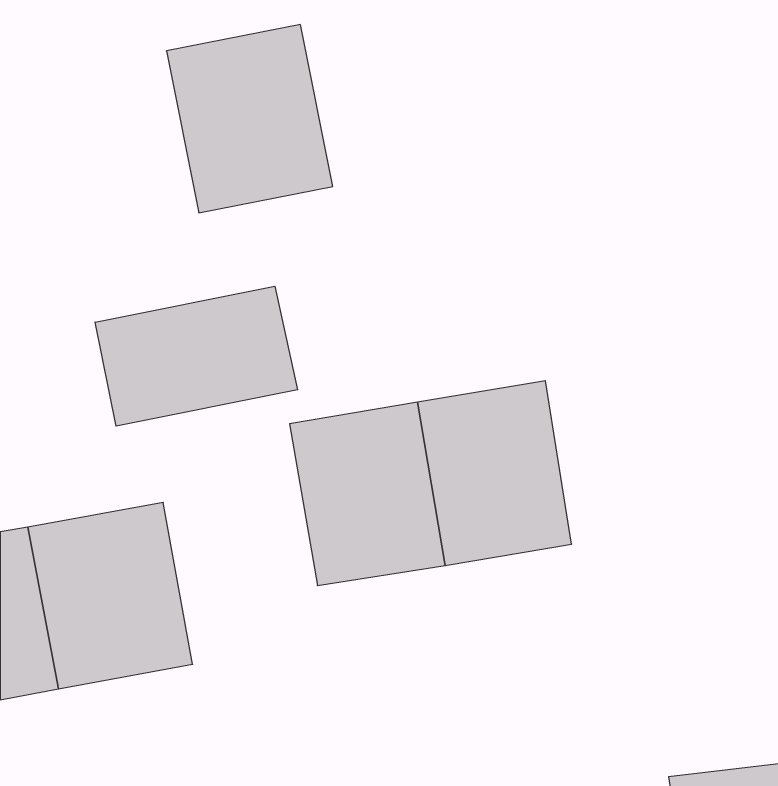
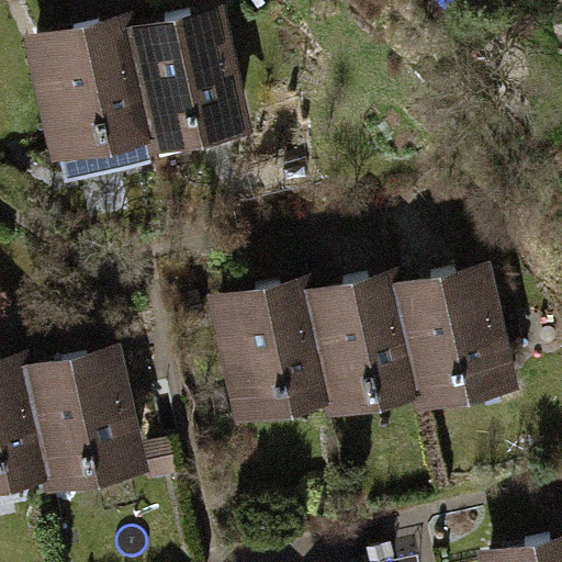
building: none -> [30,37,148,170]
building: [95,286,298,426] -> none
building: none -> [395,258,505,389]

